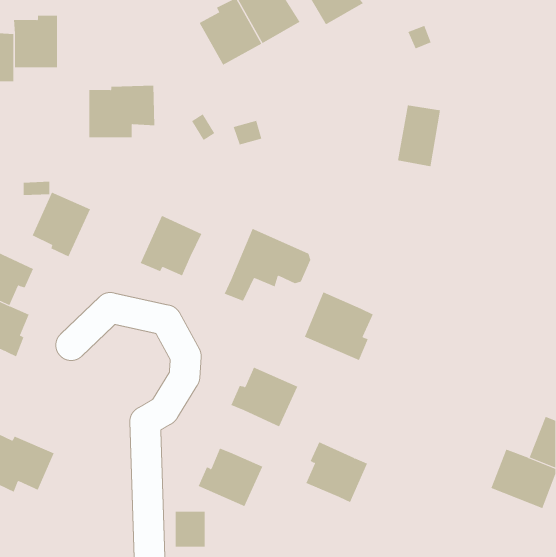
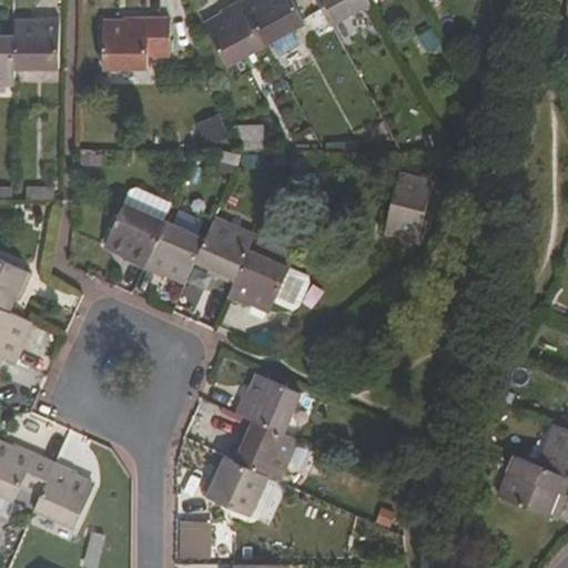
building: [89,85,155,138] -> [102,16,170,69]
building: [397,105,441,167] -> [388,178,433,241]
building: [32,192,91,257] -> [104,201,164,267]
building: none -> [194,216,255,284]
building: [304,291,374,361] -> none
building: [306,442,368,503] -> [234,417,297,479]
building: none -> [33,460,95,527]

